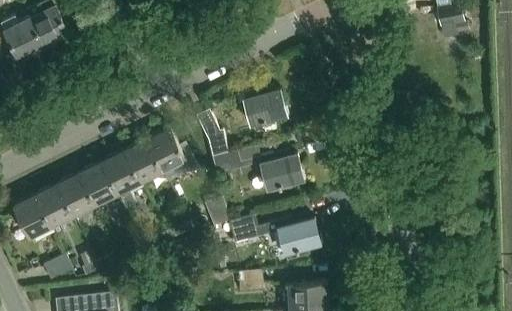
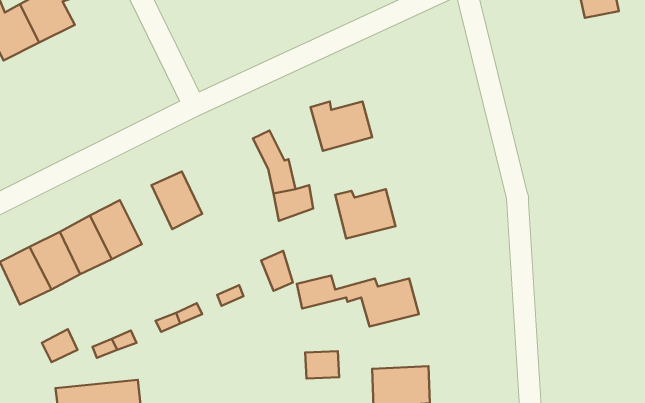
building: [147,129,196,180] -> none
building: [102,151,143,209] -> none

